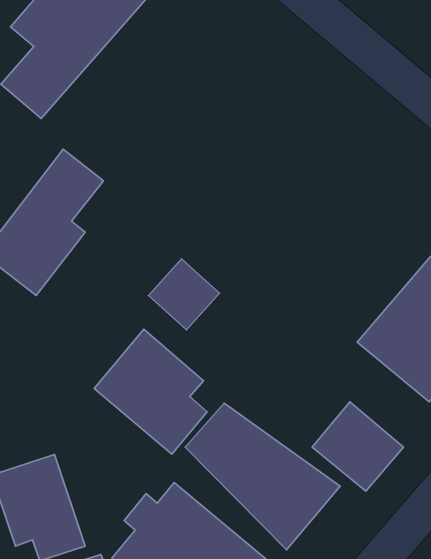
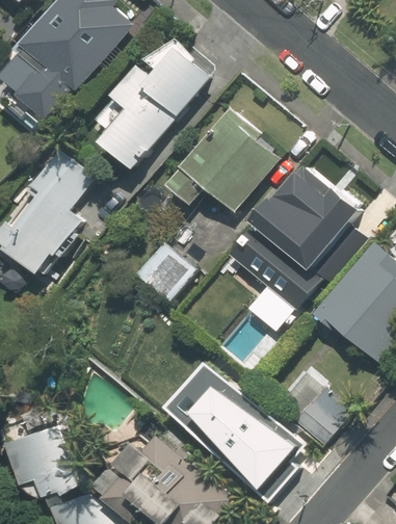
building: none -> [96,42,215,172]
building: none -> [161,111,280,212]
building: none -> [238,174,341,288]
building: [94,329,207,454] -> none

